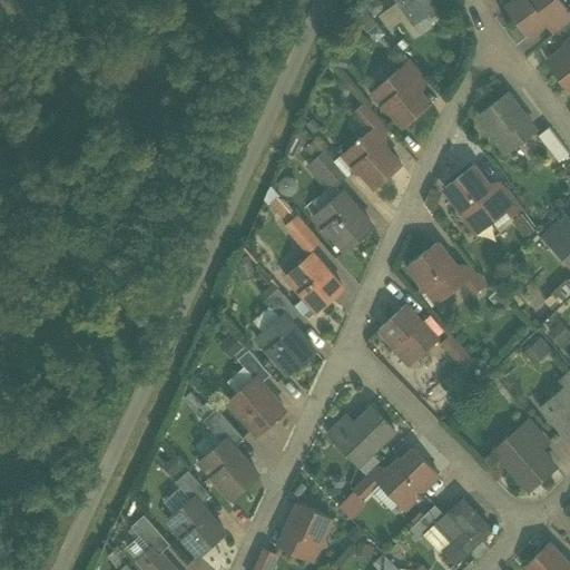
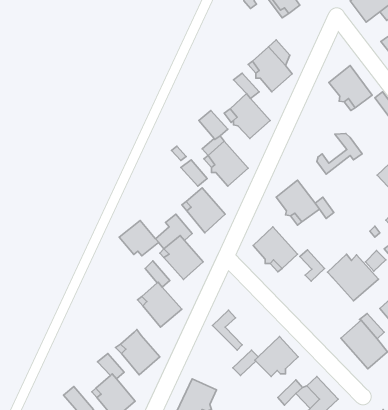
building: [444,166,501,222] -> none
building: none -> [119,220,159,256]
building: none -> [327,254,378,301]
building: [342,407,394,460] -> none
building: [203,409,242,448] -> none

